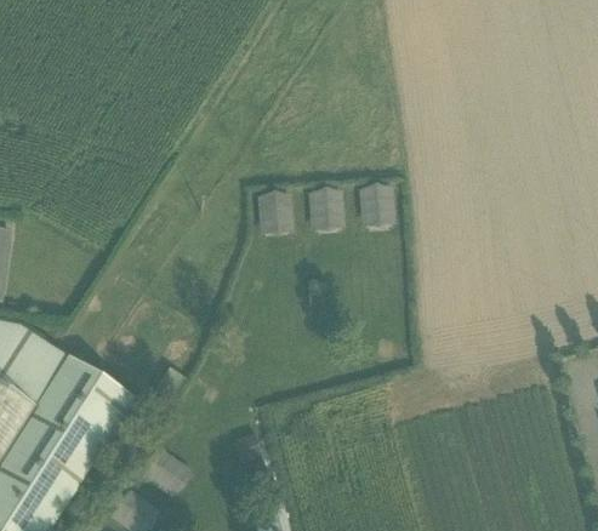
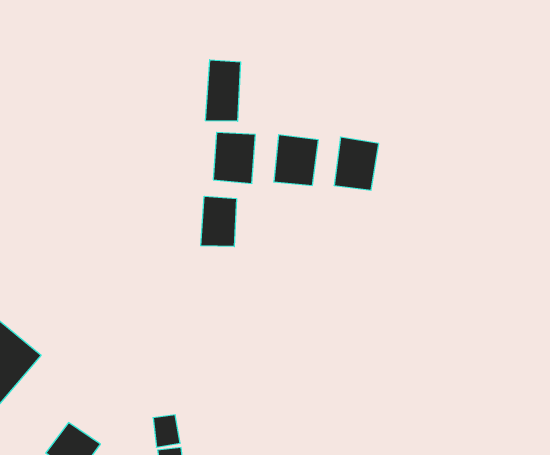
building: none -> [205,60,241,121]
building: none -> [201,196,236,247]

